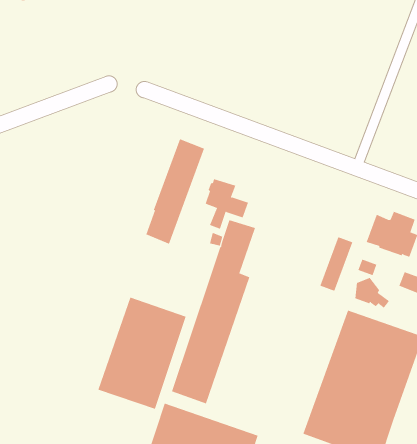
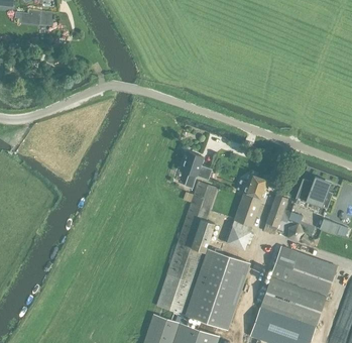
building: [146,139,205,244] -> [225,173,267,248]
building: [98,297,186,410] -> [186,248,249,329]

